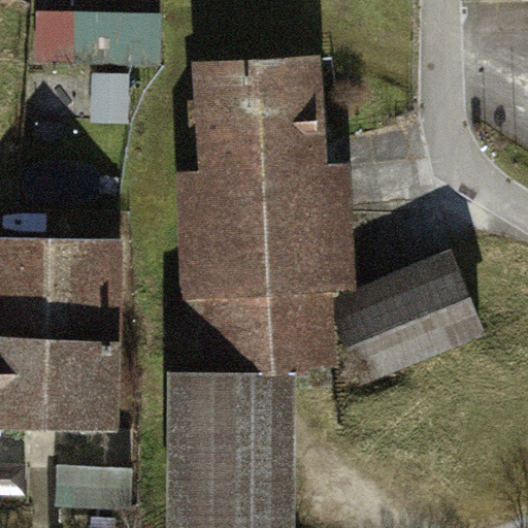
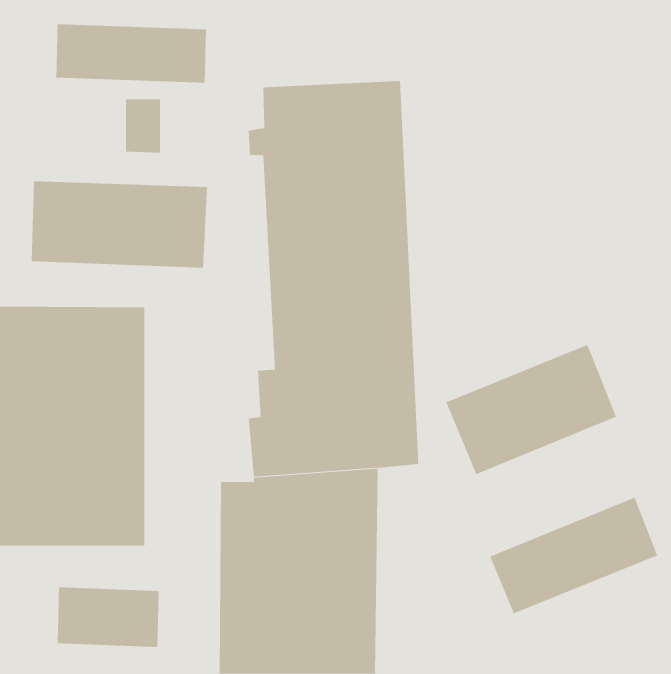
building: none -> [31,180,207,268]
building: none -> [489,497,658,614]

